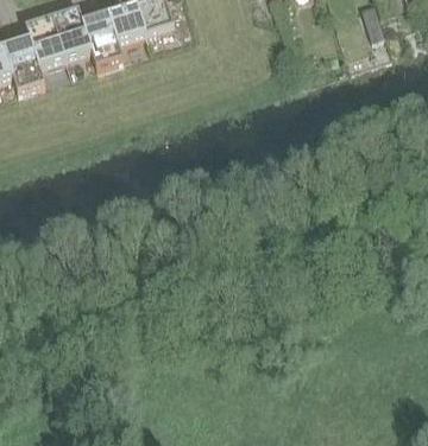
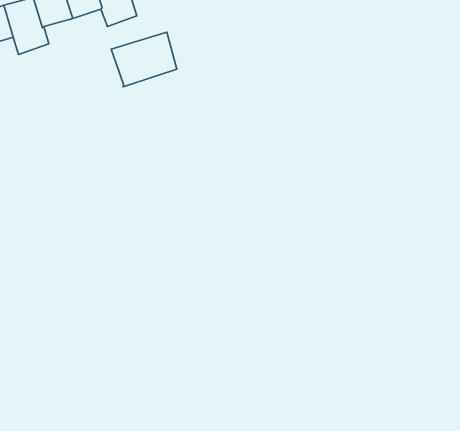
building: none -> [111,32,177,87]

